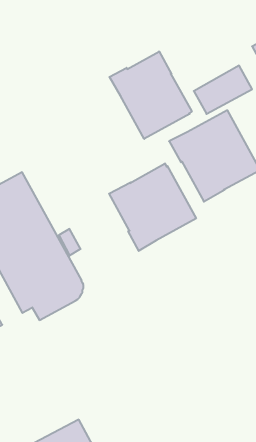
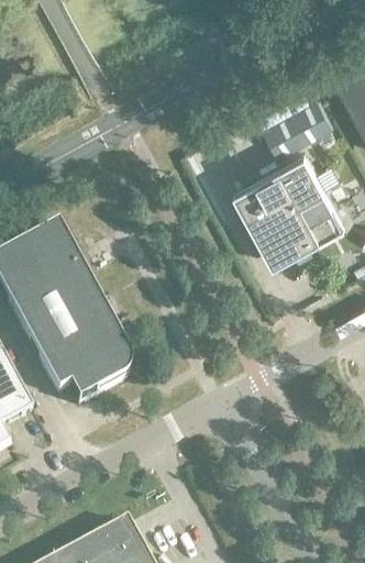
building: [109,51,192,139] -> none
building: [109,163,196,251] -> none

